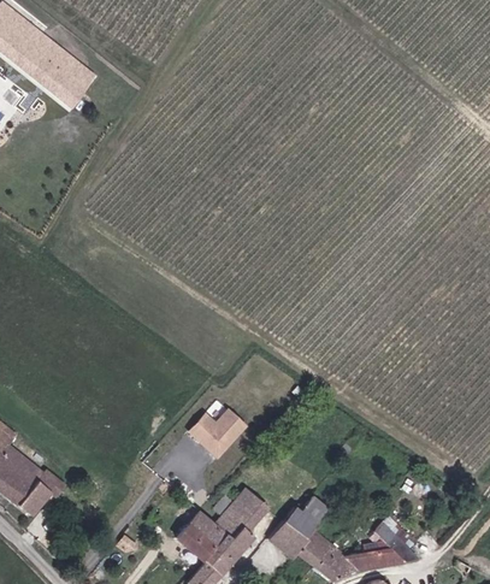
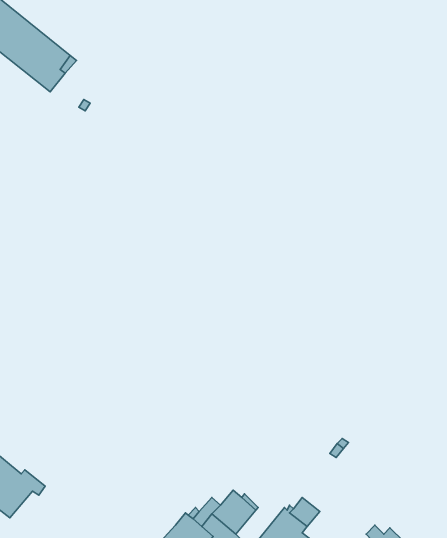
building: [185,405,248,458] -> none

